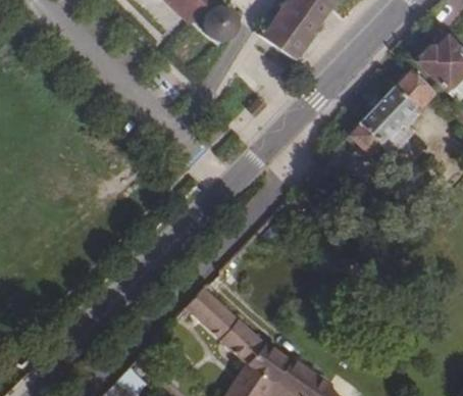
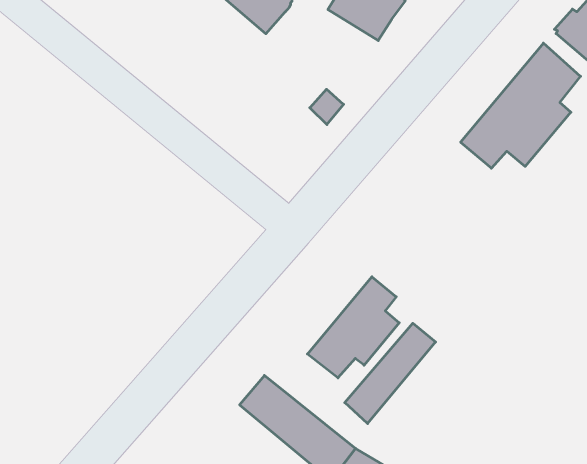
building: none -> [307,277,399,378]
building: none -> [345,323,436,424]

